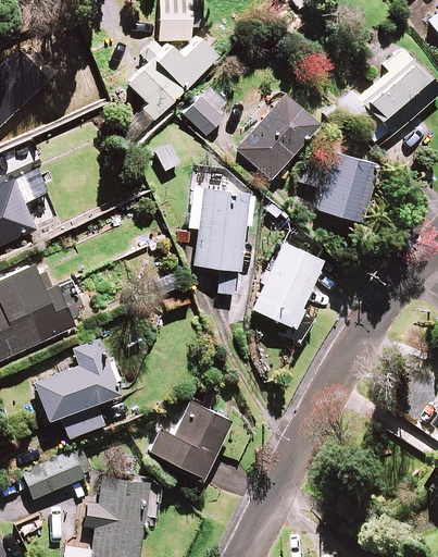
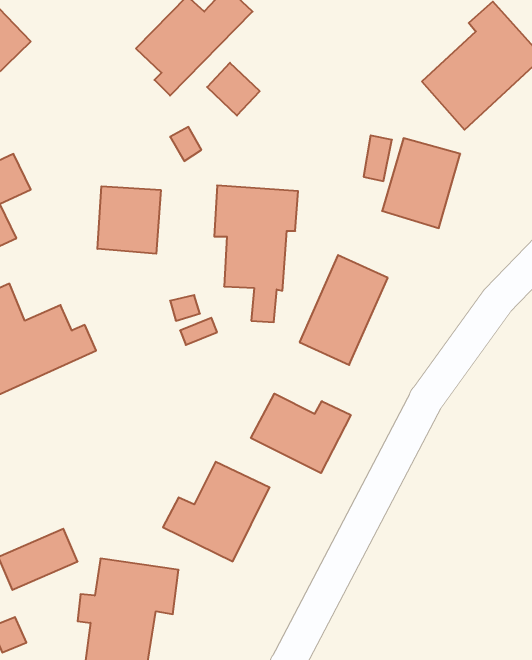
building: [237,95,318,180] -> none
building: none -> [97,186,161,254]
building: [34,338,120,438] -> none
building: none -> [251,394,351,473]

